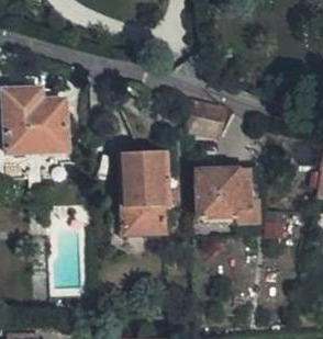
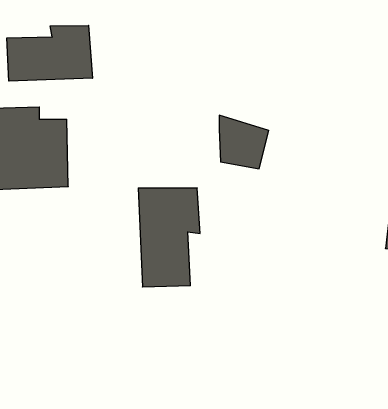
building: none -> [7,25,92,81]
building: [198,166,257,221] -> none

